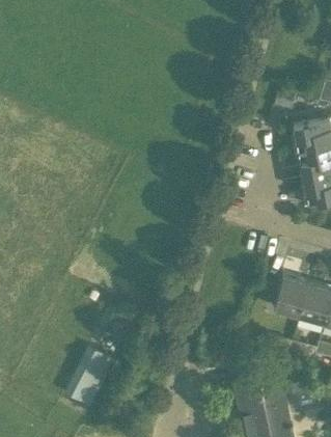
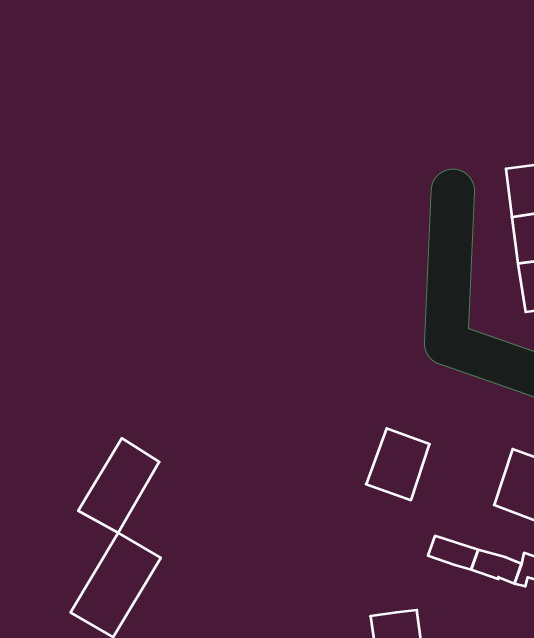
building: [274,275,308,315] -> [366,428,430,500]
building: none -> [78,438,159,533]

